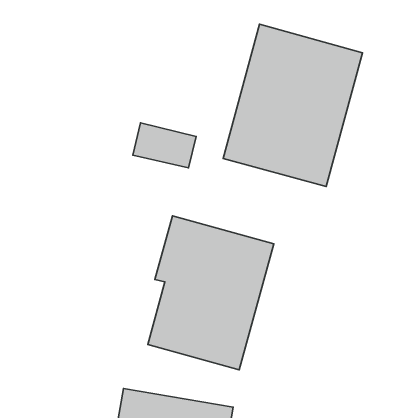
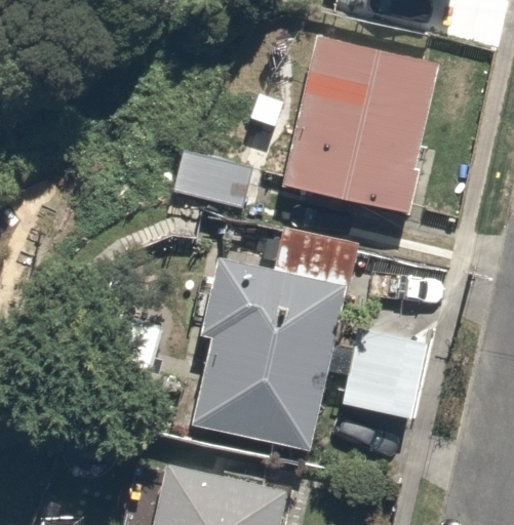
building: none -> [339,322,428,414]

